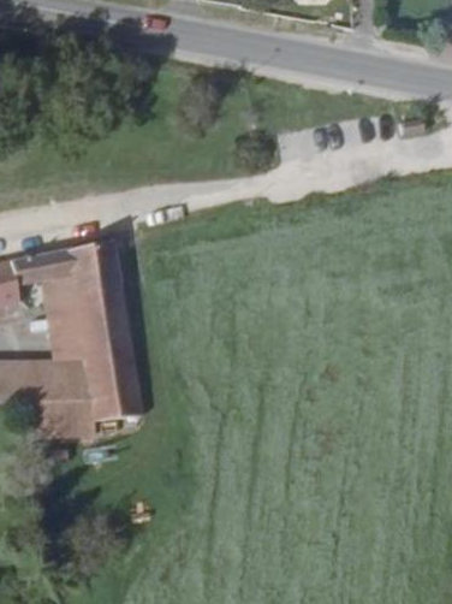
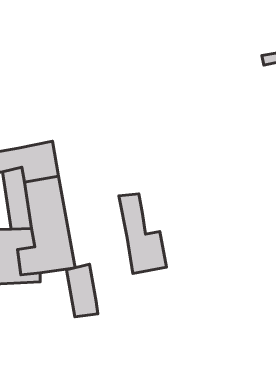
building: none -> [119,194,167,274]
building: none -> [66,264,98,317]

